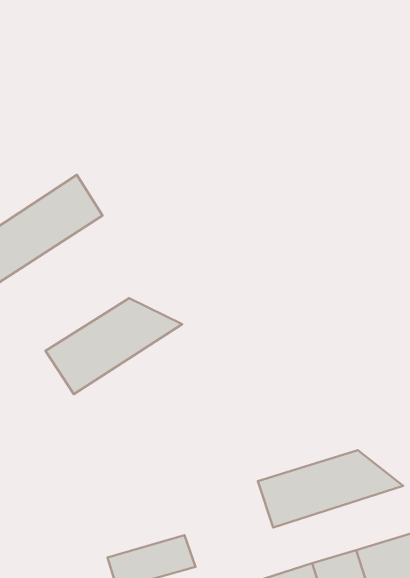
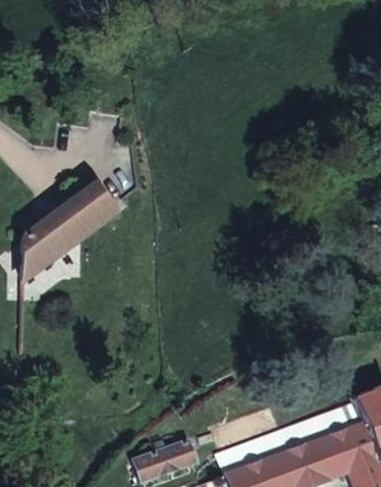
building: [45,298,182,394] -> none
building: [258,450,403,527] -> none

